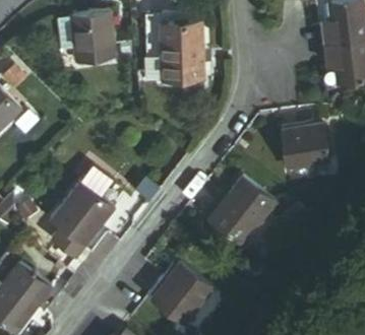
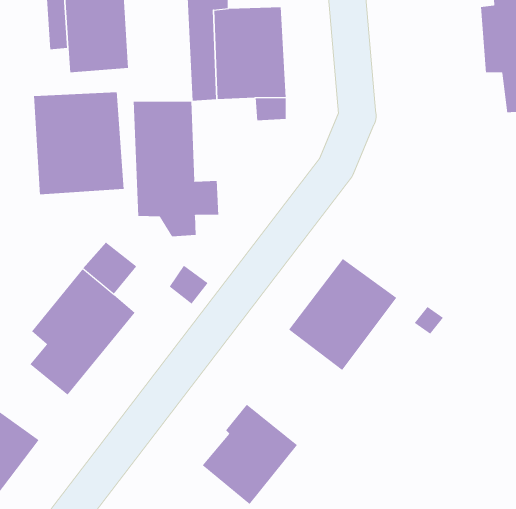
building: none -> [34,91,124,195]
building: none -> [133,101,219,237]
building: [285,130,339,184] -> none

